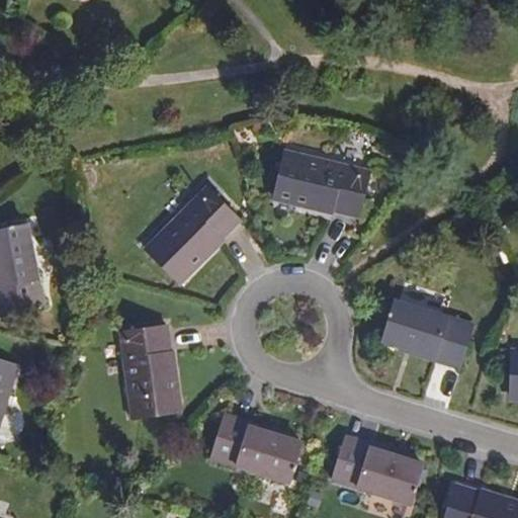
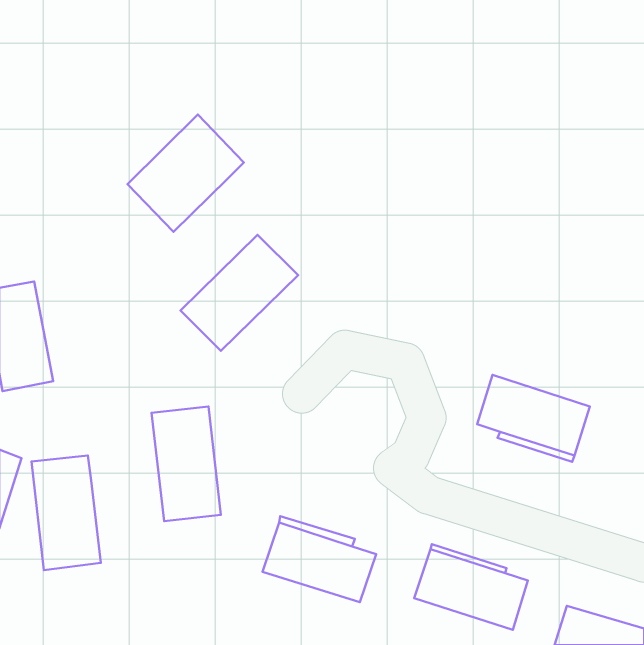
building: none -> [127,114,244,232]
building: [273,151,369,217] -> none
building: none -> [31,455,101,570]

